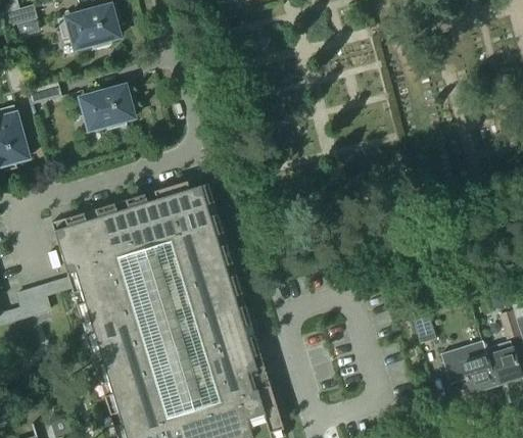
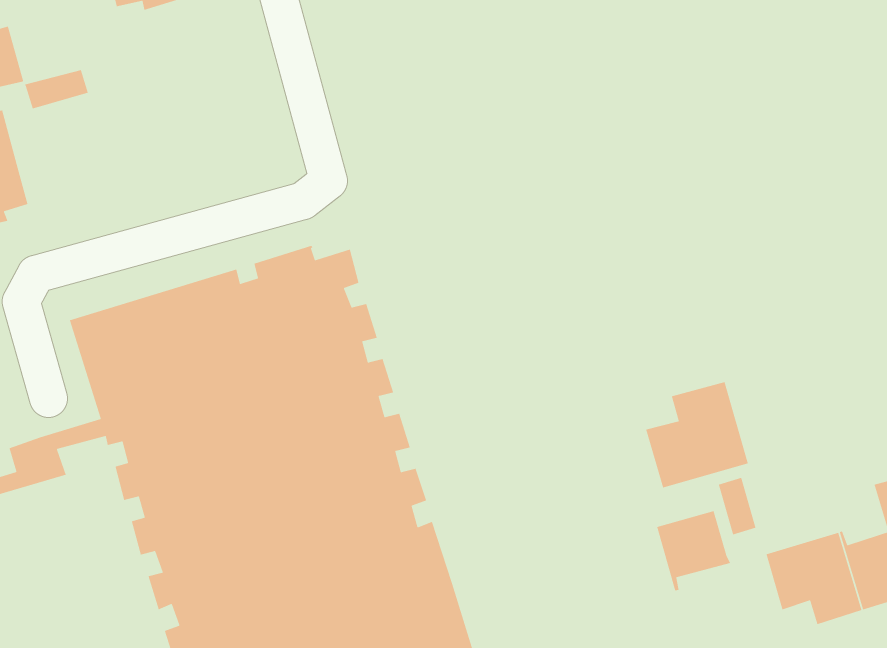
building: [80,86,138,130] -> none
building: none -> [645,381,749,488]
building: none -> [656,510,731,591]

